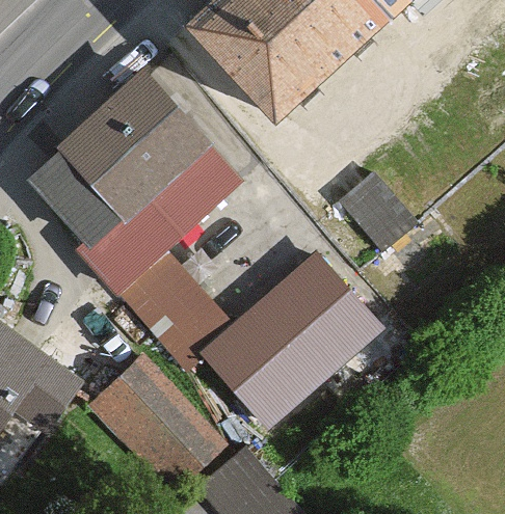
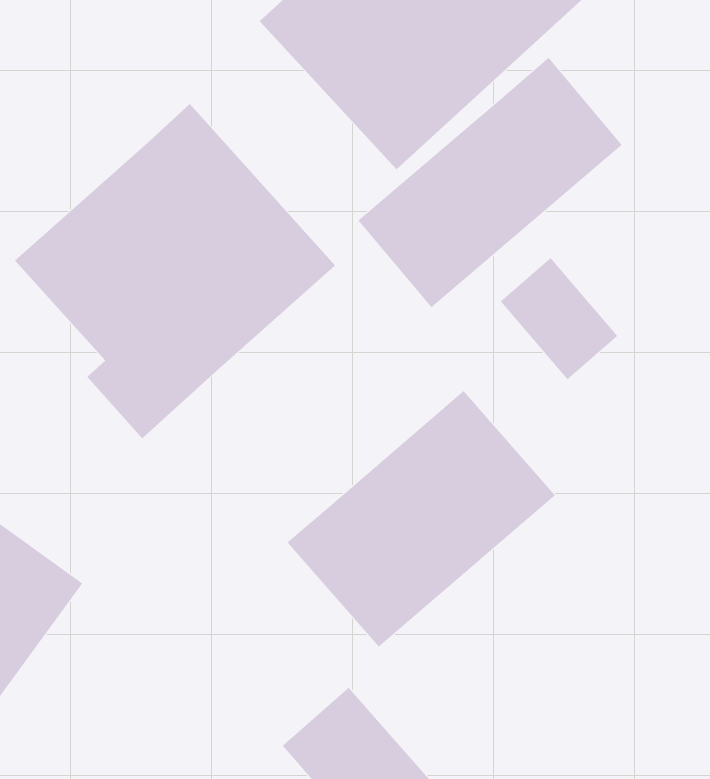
building: none -> [358,57,622,308]
building: [114,246,234,371] -> none
building: [94,358,223,489] -> none

